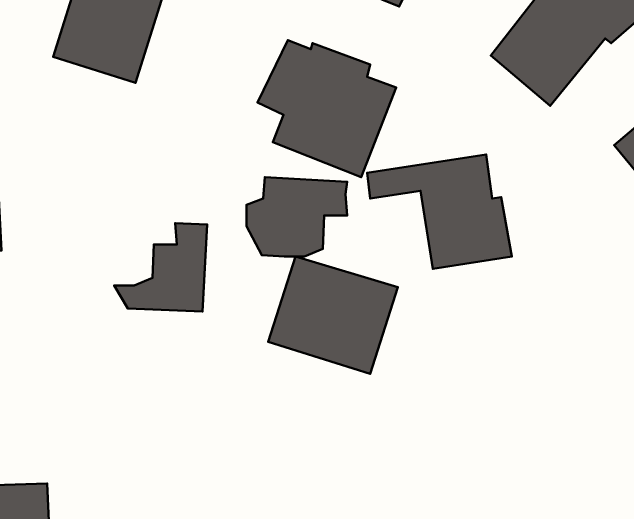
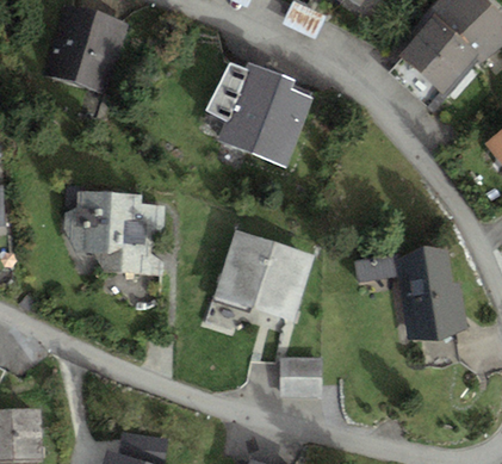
building: [367,154,512,269] -> [355,248,469,338]
building: [247,177,347,257] -> [63,191,142,253]
building: none -> [280,357,322,396]

